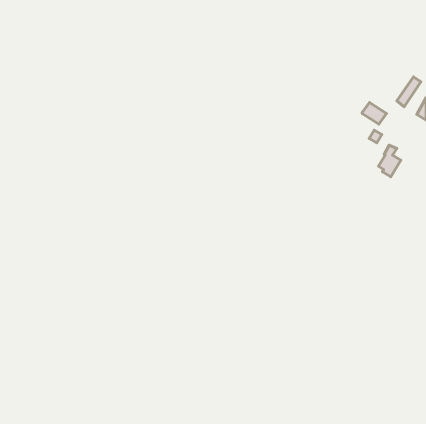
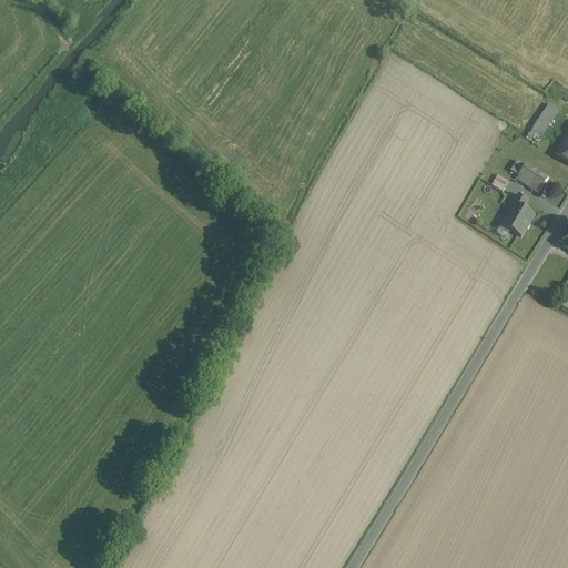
building: [362,103,386,124] -> [515,162,547,191]

